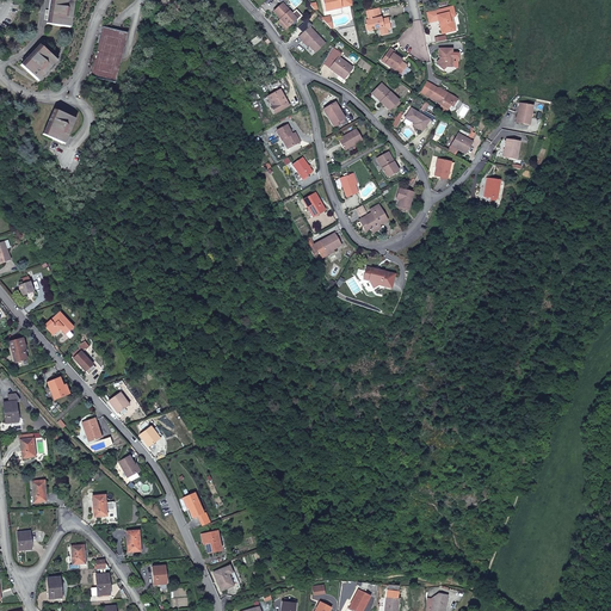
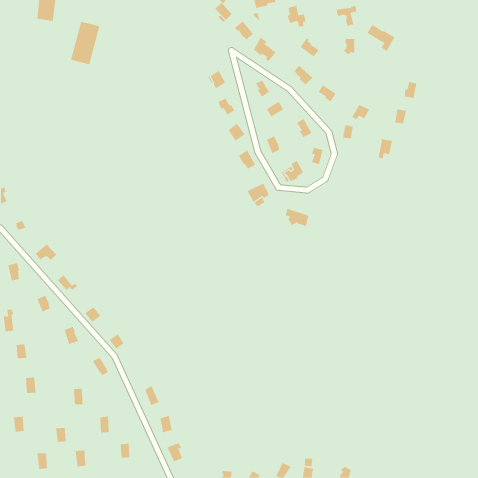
building: [21,44,56,80] -> none
building: [419,79,456,113] -> [366,24,396,51]
building: [43,109,75,142] -> none

